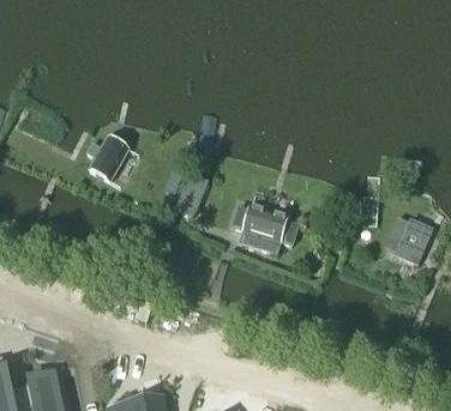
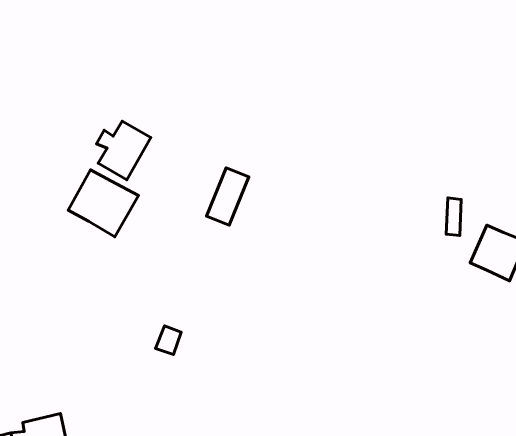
building: none -> [68,170,139,237]
building: [230,201,299,253] -> none

